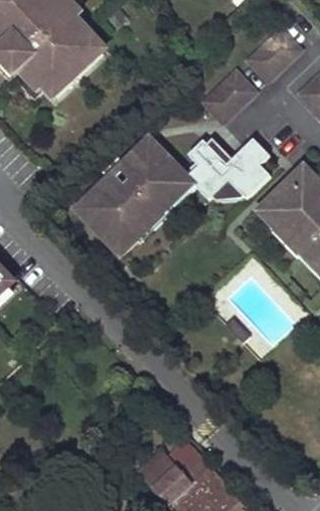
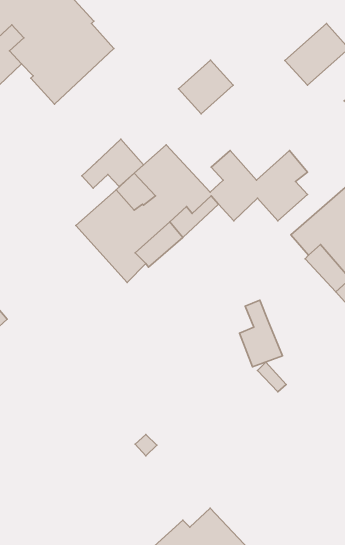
building: [212,70,259,116] -> [178,60,233,114]
building: none -> [82,139,144,188]
building: none -> [239,300,283,367]

